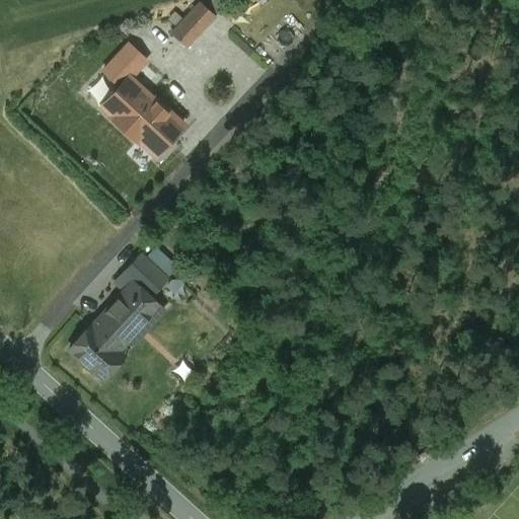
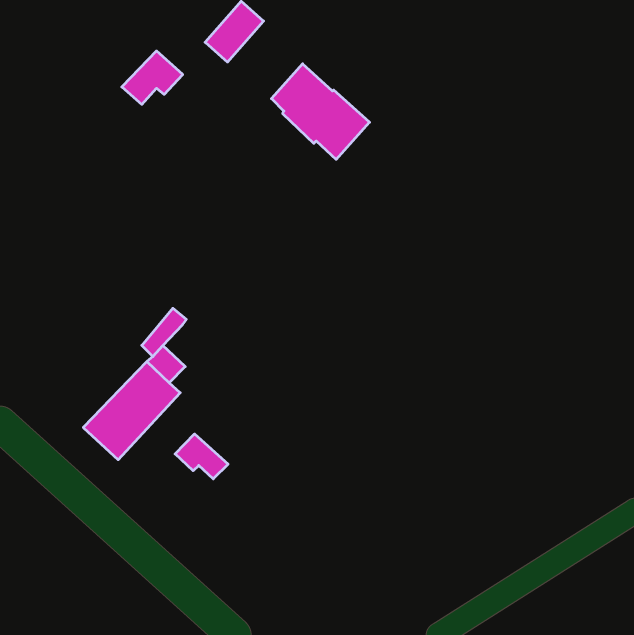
building: [103,77,183,155] -> [271,64,370,159]
building: [134,265,168,299] -> none
building: none -> [175,434,228,479]

